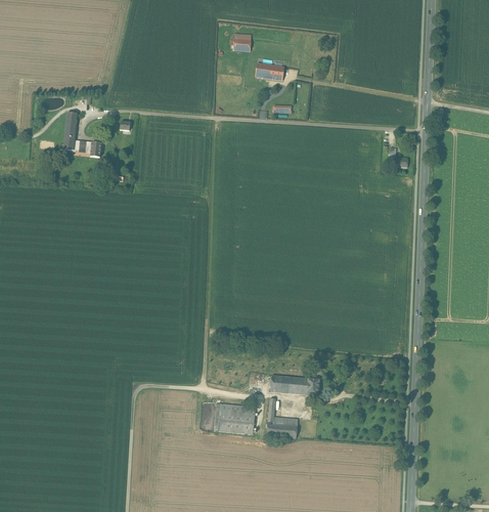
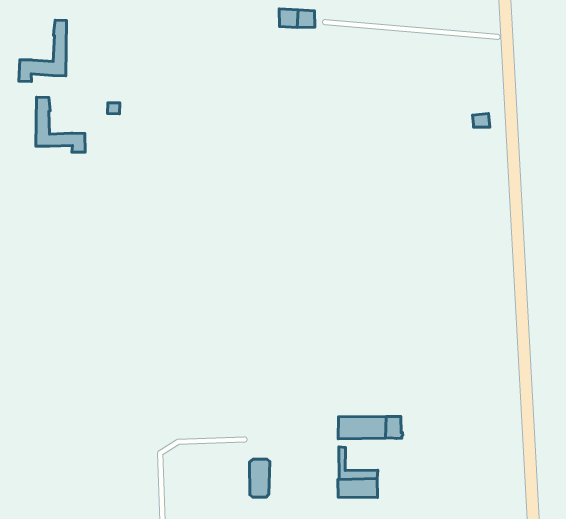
building: none -> [19,20,67,81]
building: [217,402,258,433] -> none

